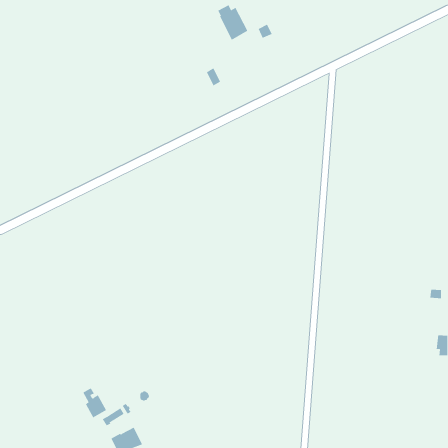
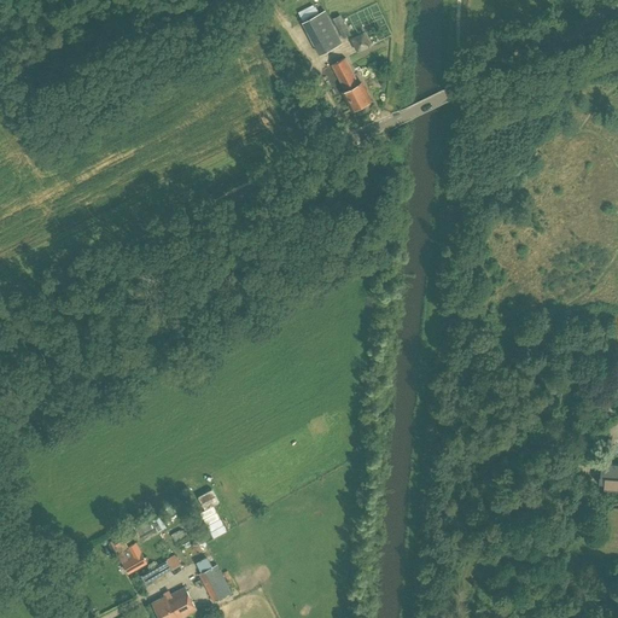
building: none -> [332,59,371,111]
building: none -> [199,565,232,602]

